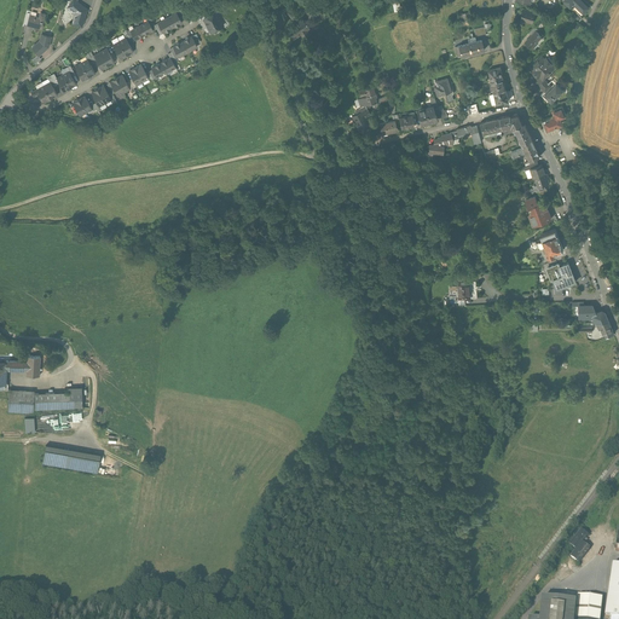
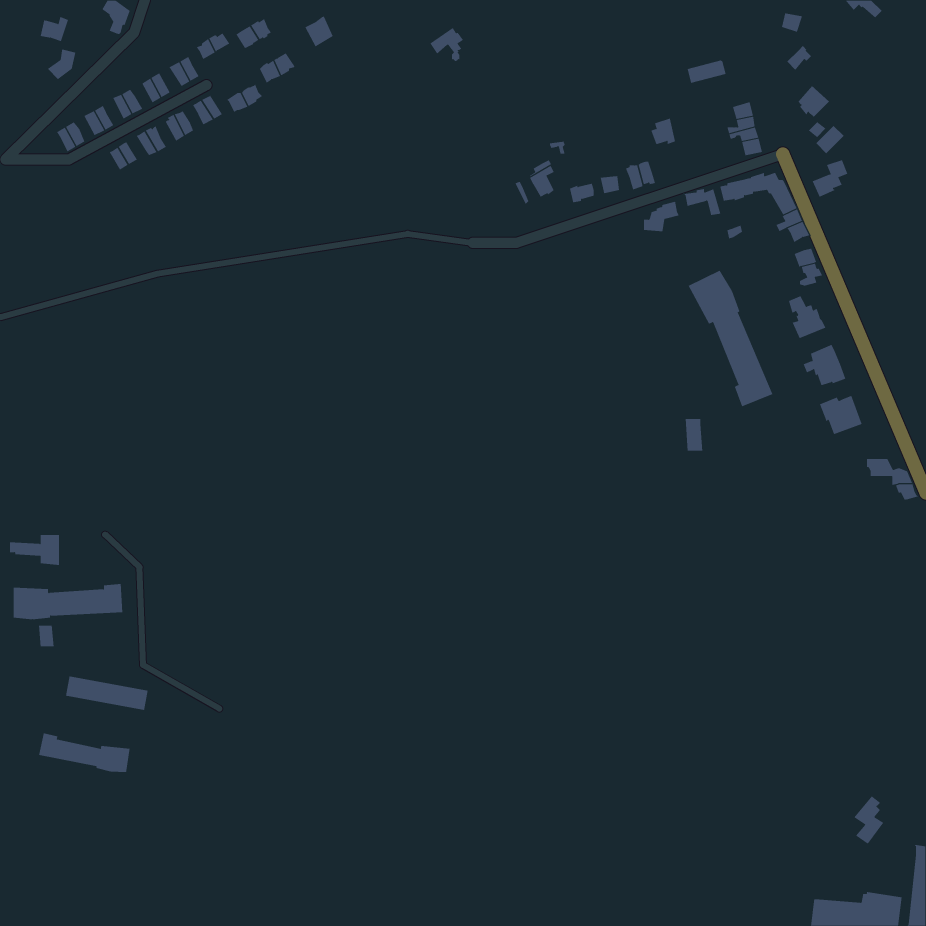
building: none -> [688,270,773,407]
building: none -> [39,732,130,773]

